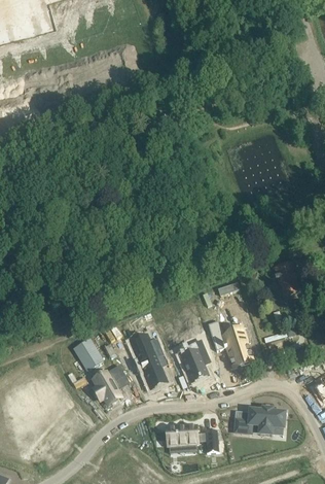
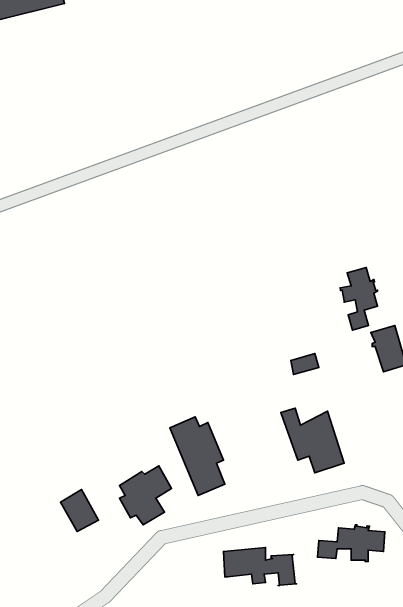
building: none -> [340,268,378,330]
building: [74,338,102,369] -> [60,489,98,532]
building: [180,339,209,383] -> none

